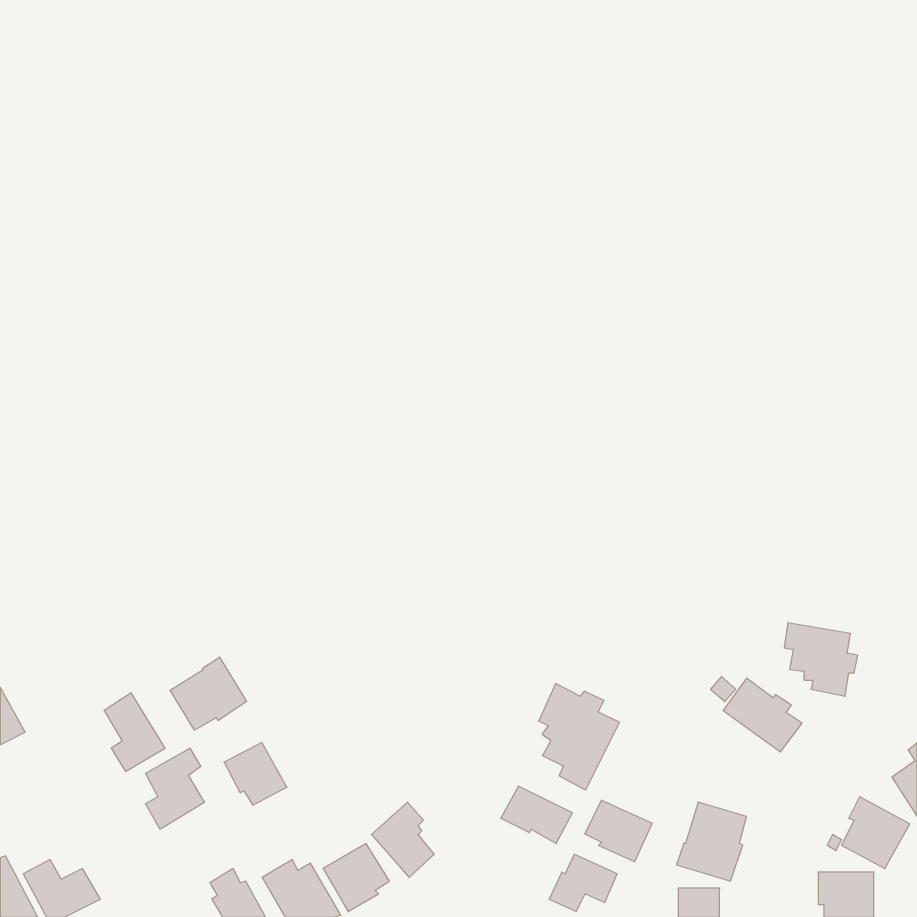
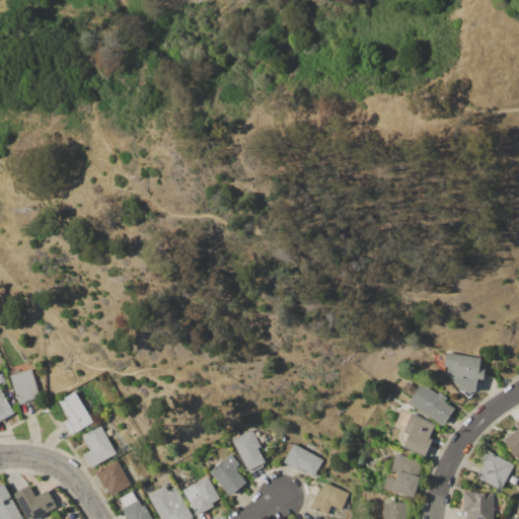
building: none -> [10,369,41,404]
building: [170,657,247,730] -> none
building: [539,683,619,790] -> none
building: none -> [401,413,435,457]
building: [224,742,287,805] -> [95,460,131,496]
building: none -> [230,429,265,470]
building: [585,800,652,862] -> none

